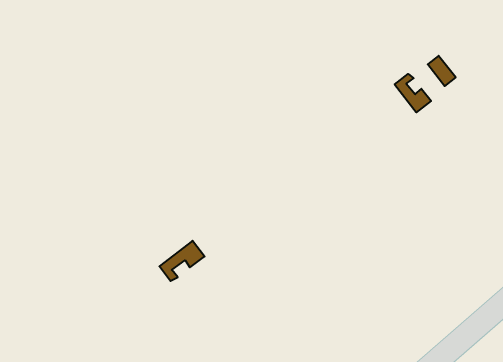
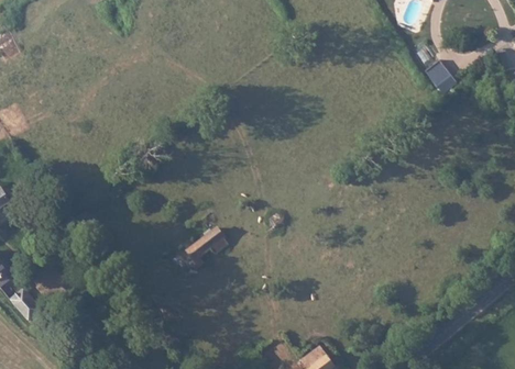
building: [395,74,431,112] -> none

